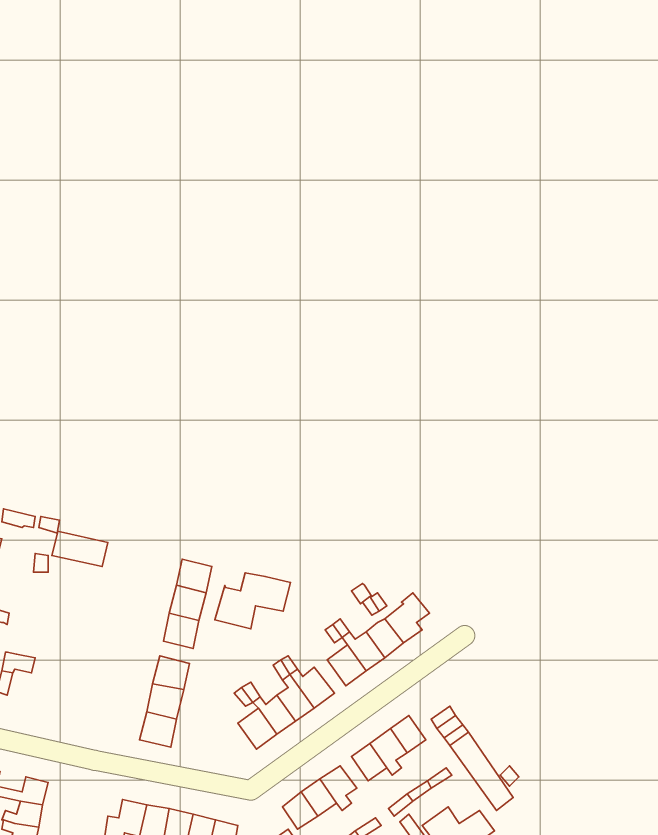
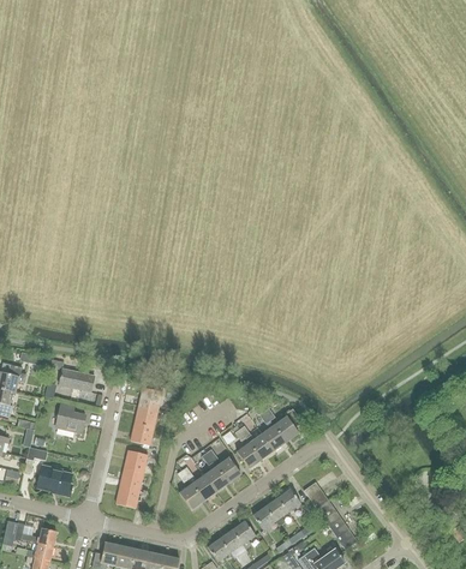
building: [215,573,290,629] -> none
building: none -> [55,402,85,432]
building: none -> [40,467,72,495]

